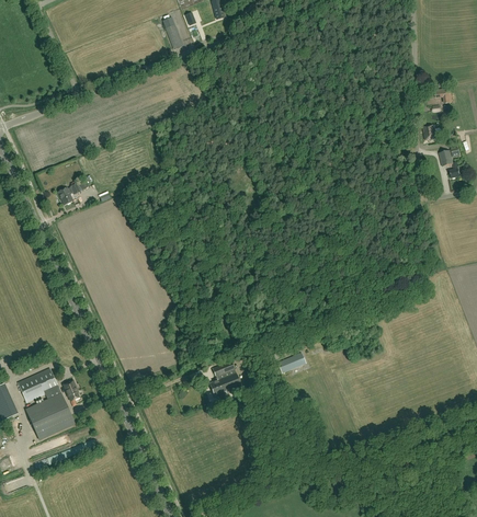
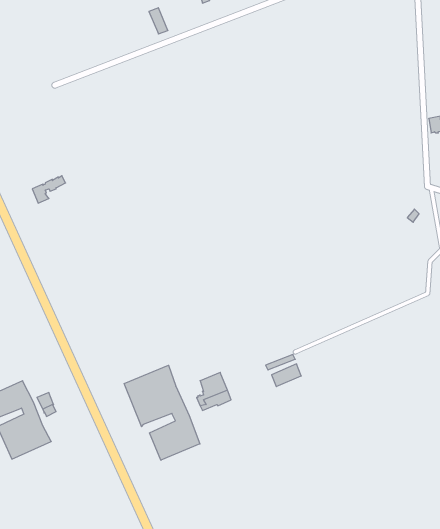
building: none -> [124,365,200,460]

